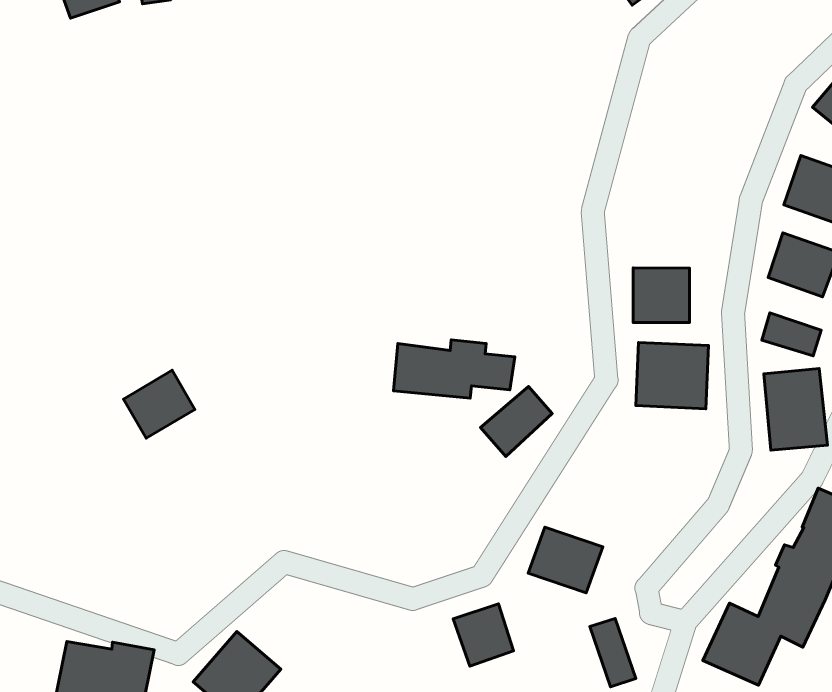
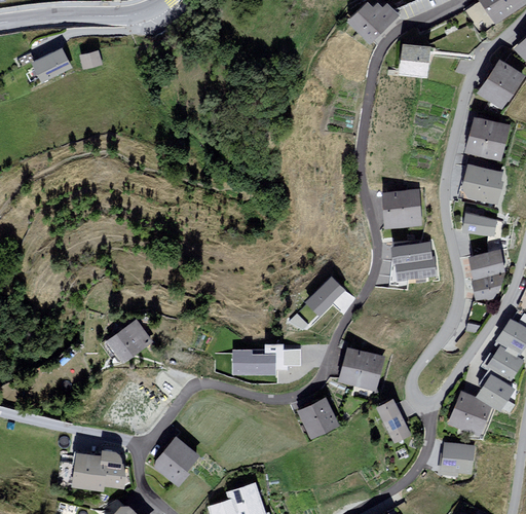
building: none -> [402,48,428,77]
building: [393,340,515,398] -> [232,341,301,374]
building: [124,370,195,438] -> [110,324,152,365]

